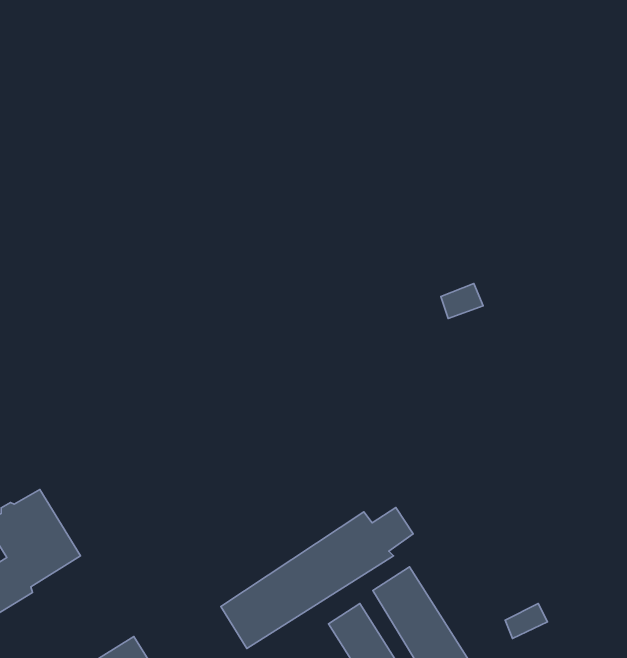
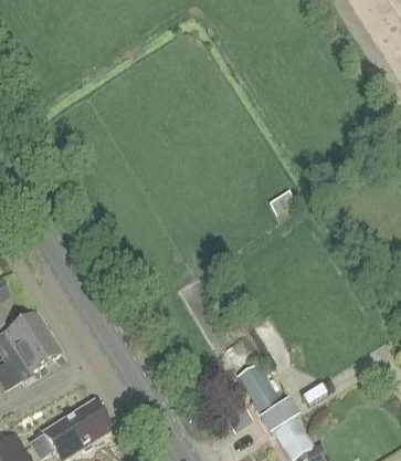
building: [221,507,413,649] -> none

